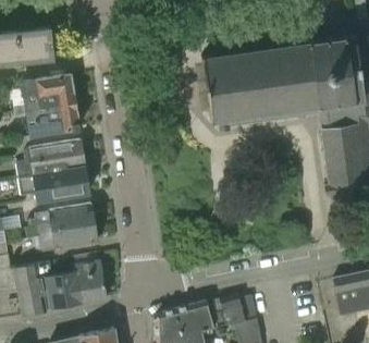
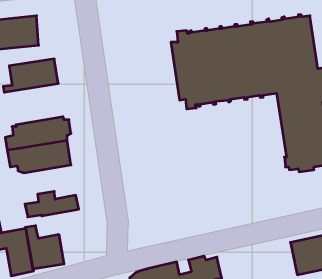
building: [15,102,79,138] -> none
building: [35,204,95,236] -> none
building: [74,253,107,303] -> none

